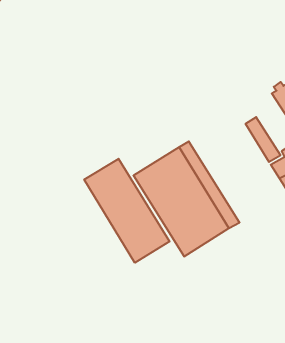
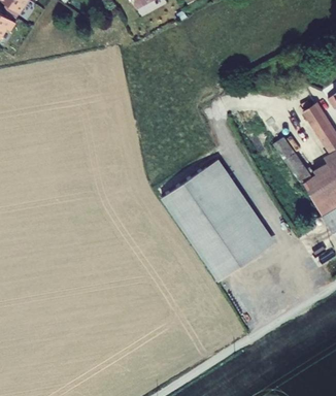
building: [84,159,170,263] -> none

